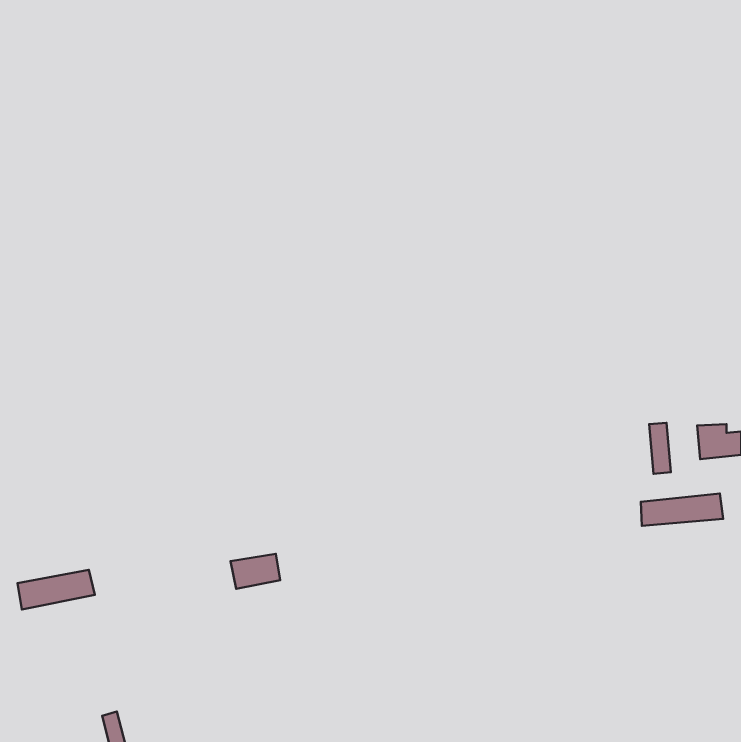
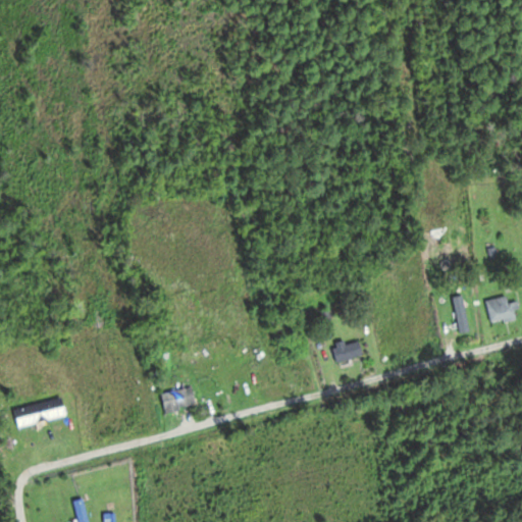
building: none -> [331,343,363,364]
building: [641,494,723,526] -> none

